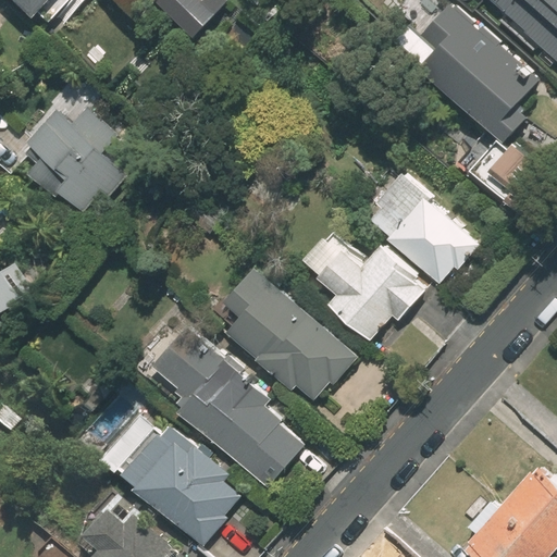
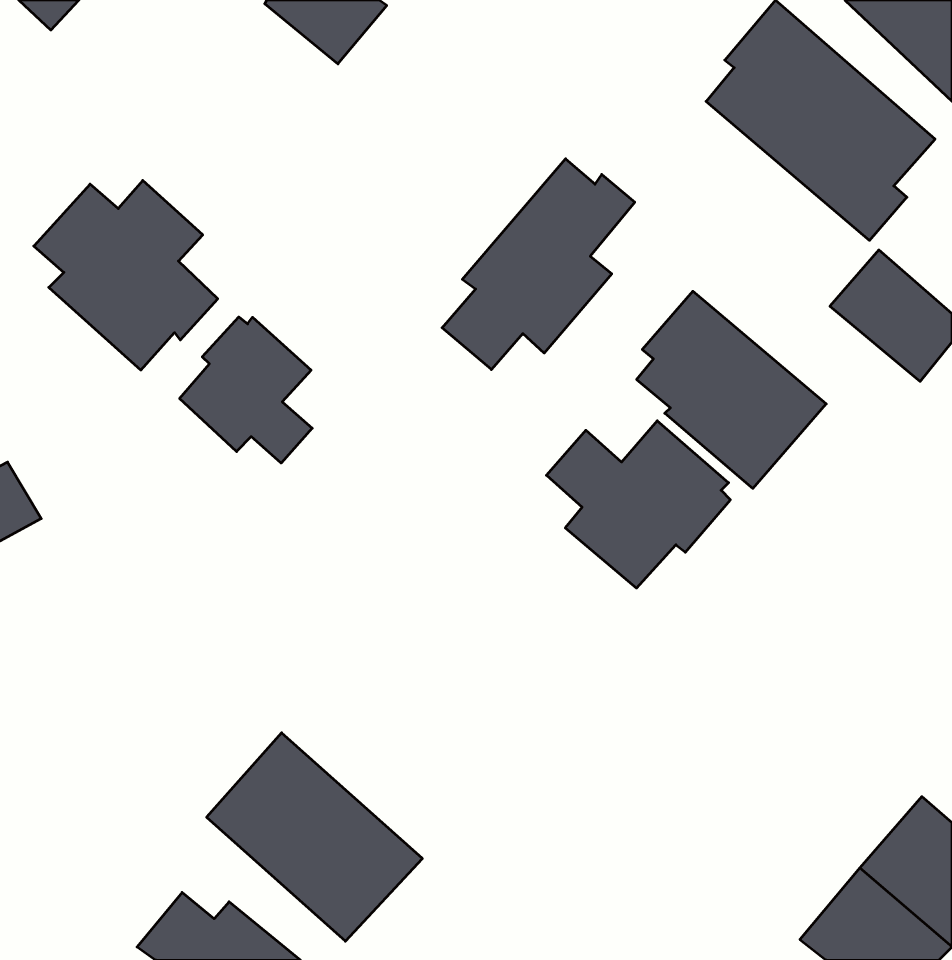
building: none -> [442,159,635,370]
building: none -> [180,317,312,463]
building: [222,265,357,401] -> none
building: [153,330,305,484] -> none

